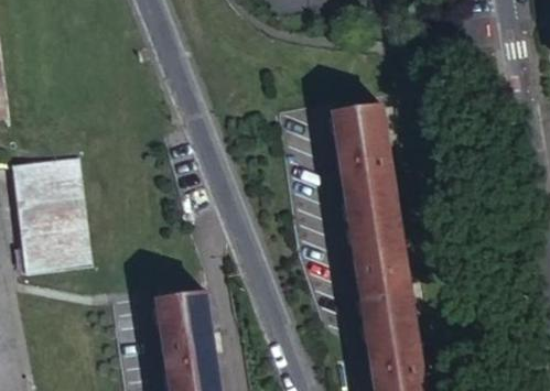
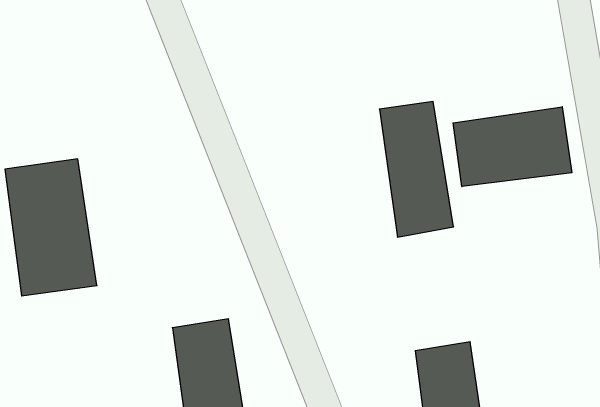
building: none -> [453,107,572,187]
building: [351,215,413,322] -> none

